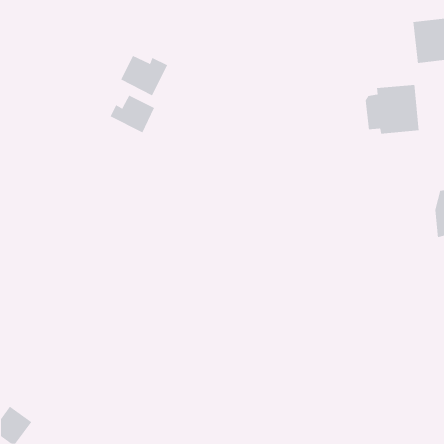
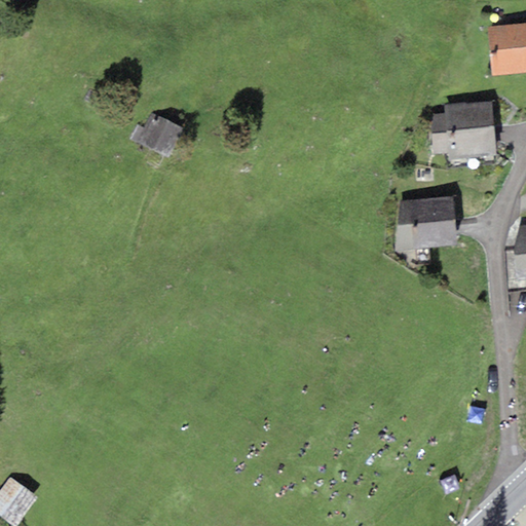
building: [120,55,168,96] -> none
building: none -> [396,195,458,250]

